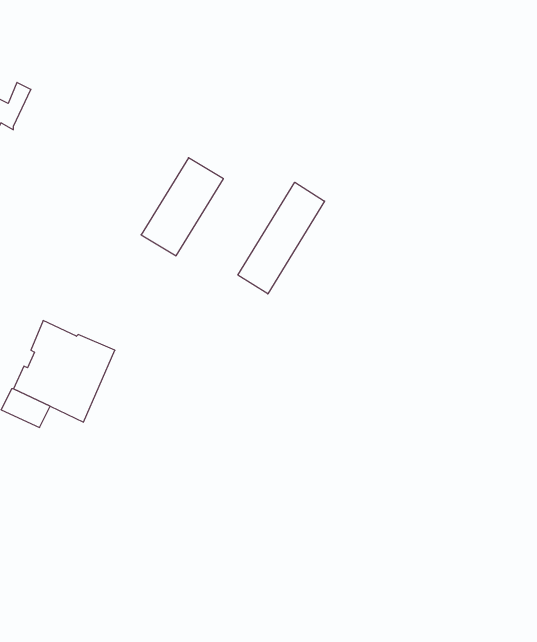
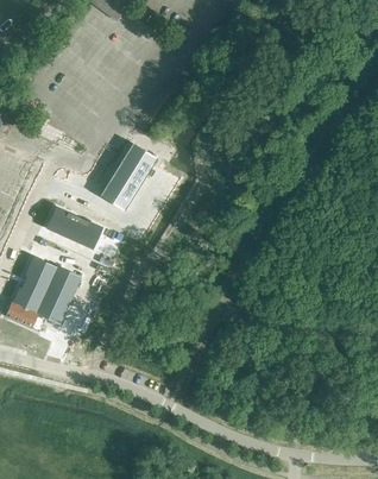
building: [238,182,325,294] -> none
building: none -> [49,208,102,250]

